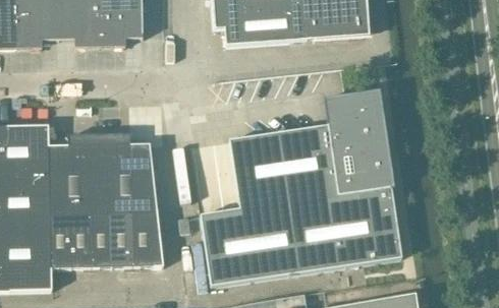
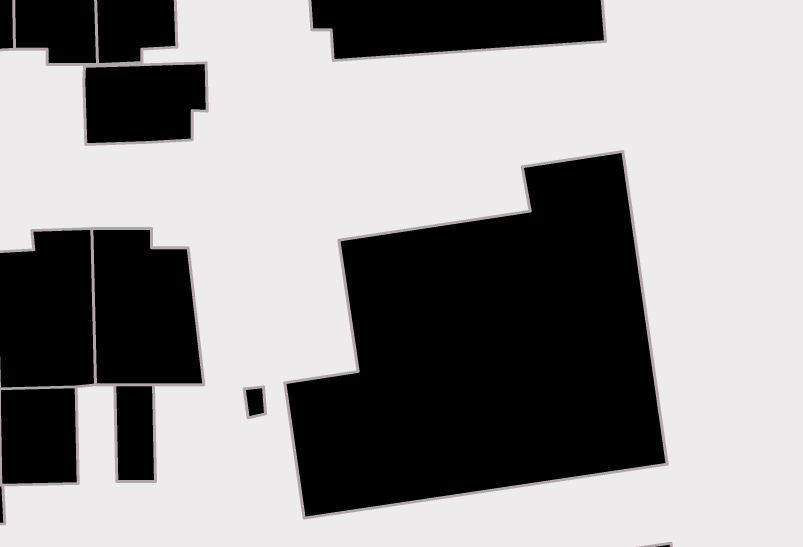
building: none -> [84,63,207,144]
building: [91,215,112,267] -> none
building: [131,215,164,266] -> none

